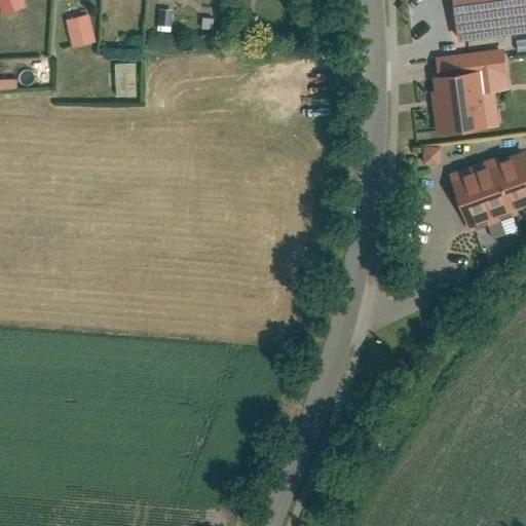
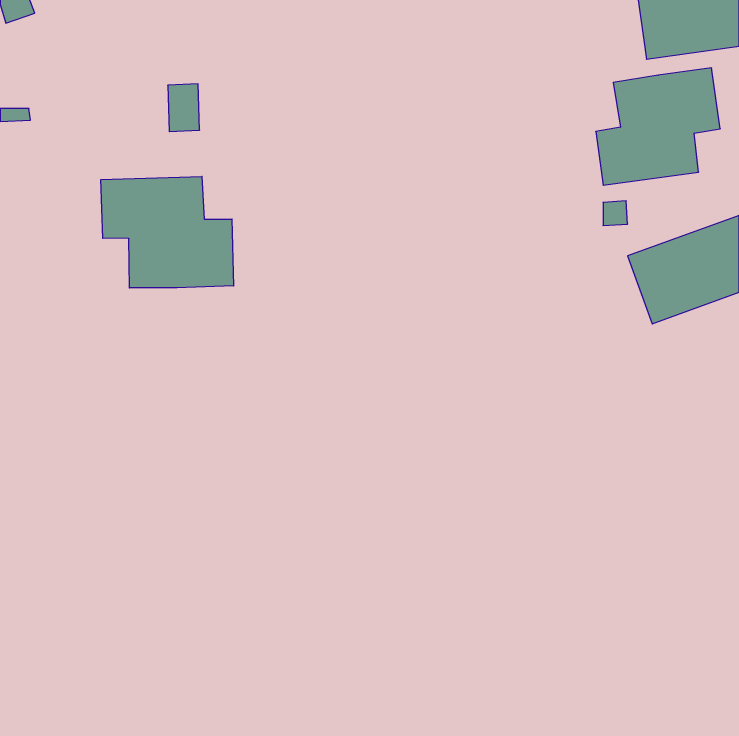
building: [70,10,101,45] -> none
building: none -> [101,176,234,288]

